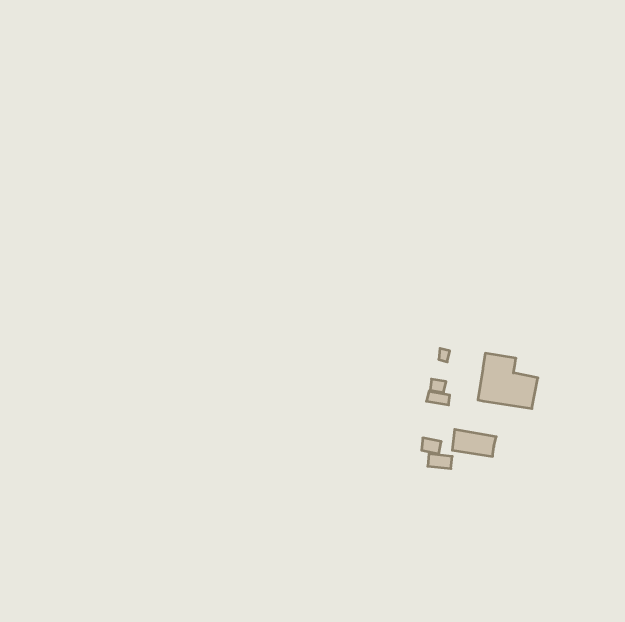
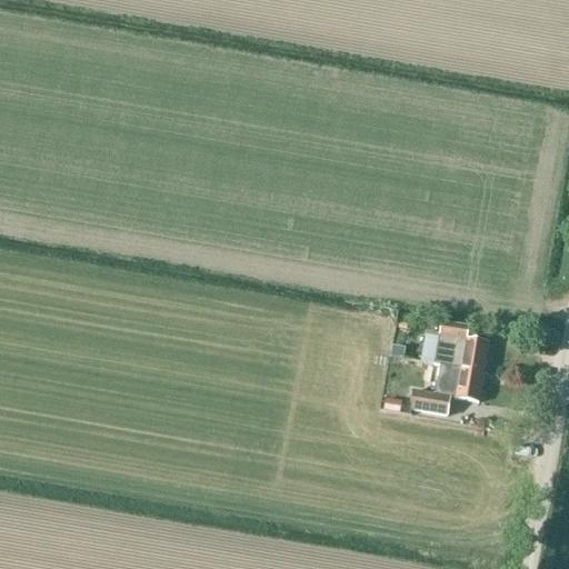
building: none -> [435,363,482,400]

